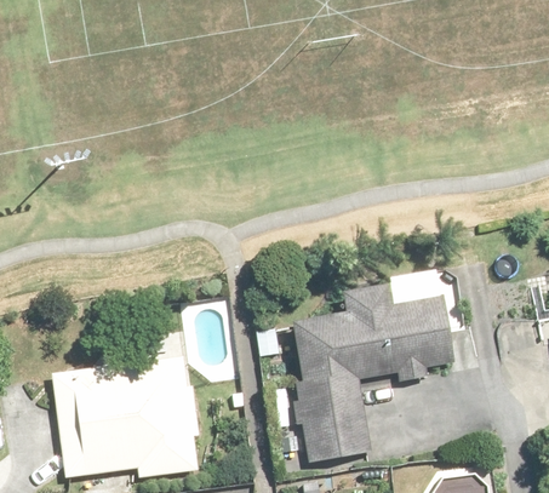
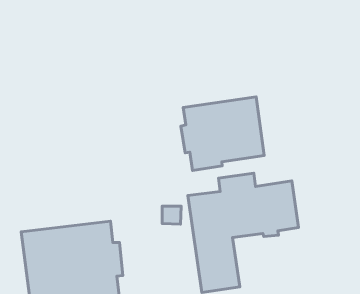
building: none -> [181,97,264,170]

